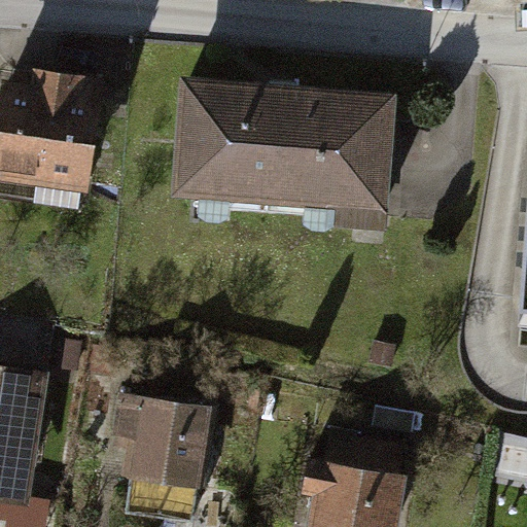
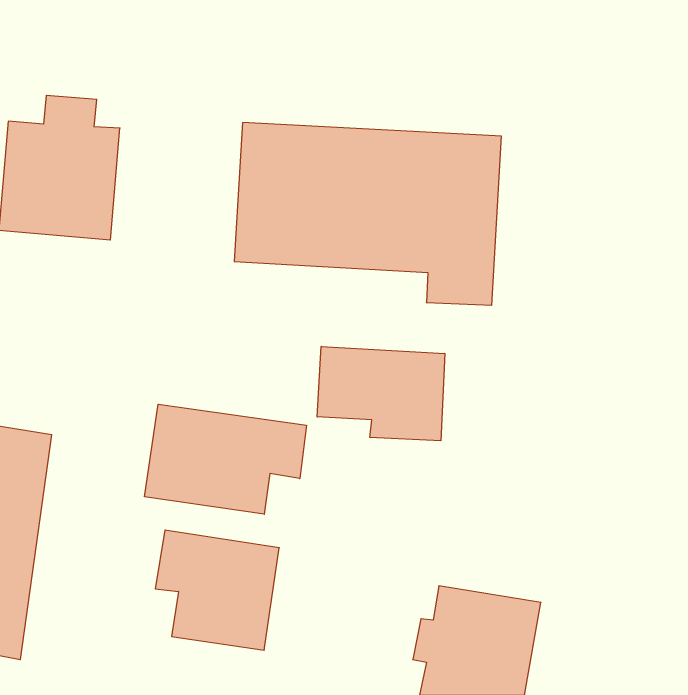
building: none -> [317,346,445,441]
building: none -> [145,404,306,514]

